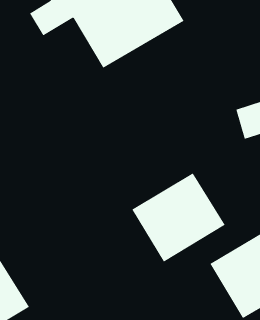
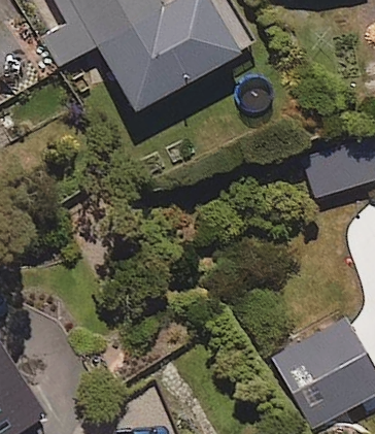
building: [132,172,225,262] -> none

